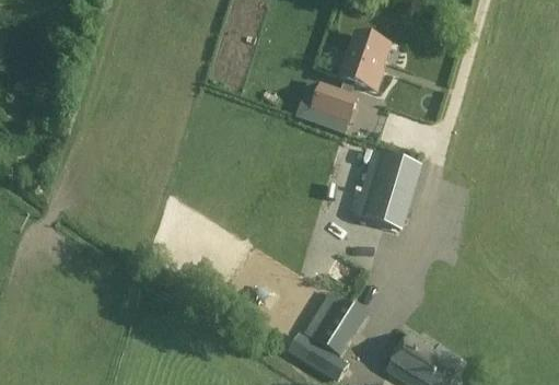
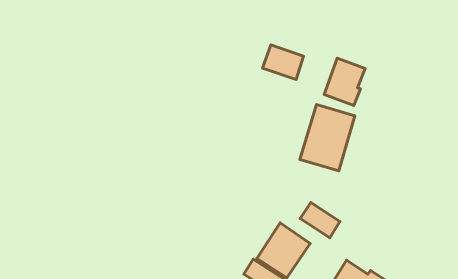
building: [338,34,386,90] -> [324,58,365,106]
building: none -> [300,203,340,238]

